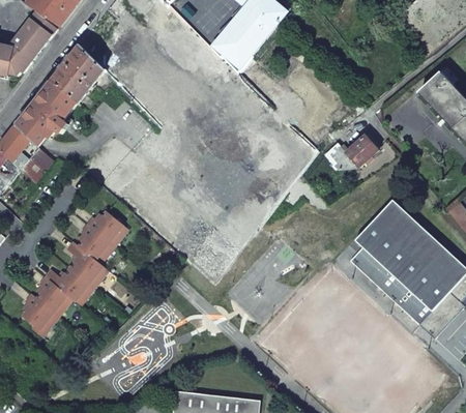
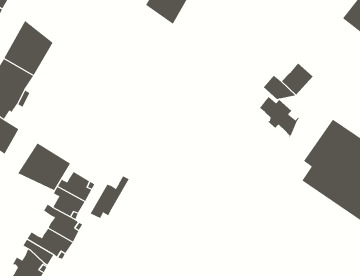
building: none -> [259,96,300,140]
building: none -> [17,142,71,191]
building: none -> [90,175,129,219]

